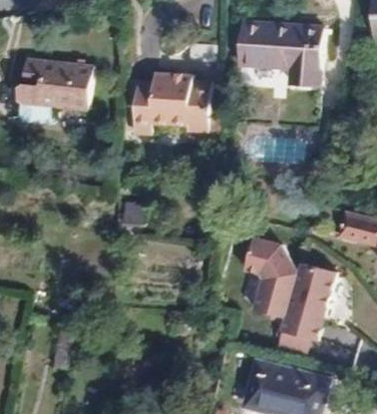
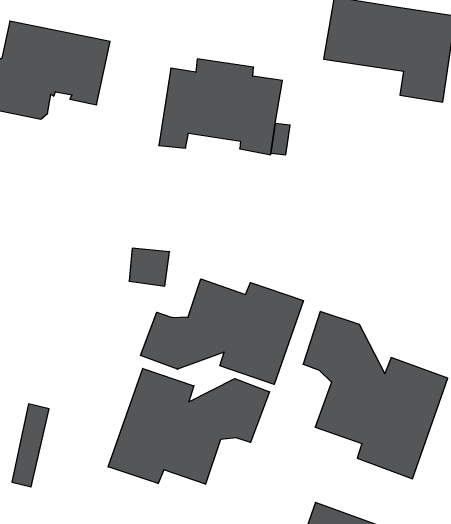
building: none -> [140,279,304,384]
building: none -> [108,368,270,484]

